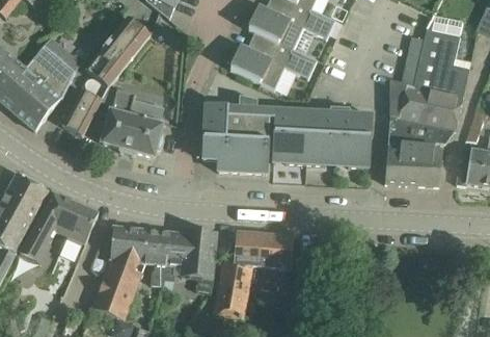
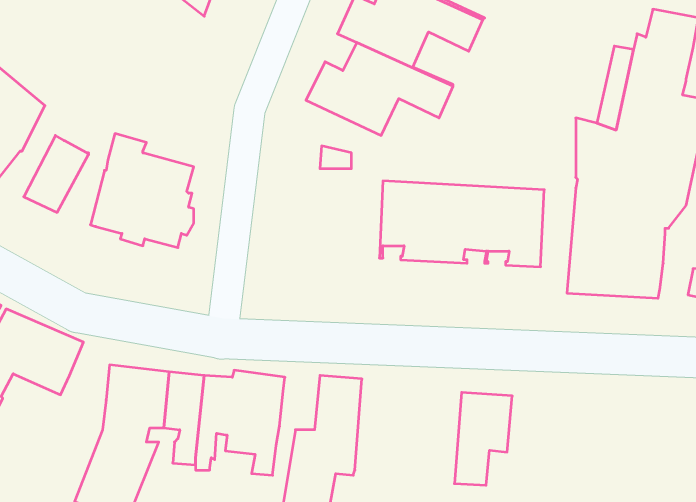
building: [85,17,151,87] -> none
building: [202,106,269,174] -> none
building: [258,234,293,289] -> [454,392,512,485]

